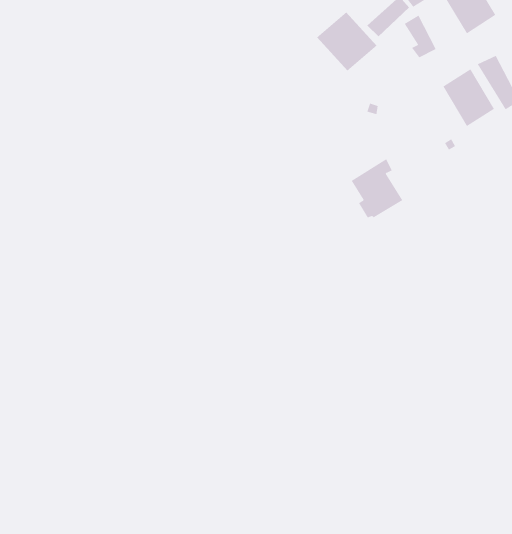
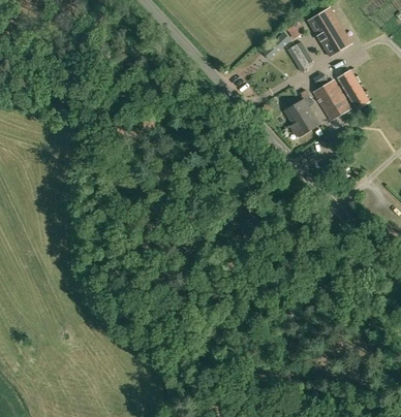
building: [316,11,377,72] -> none
building: [351,158,403,218] -> [285,94,321,135]

